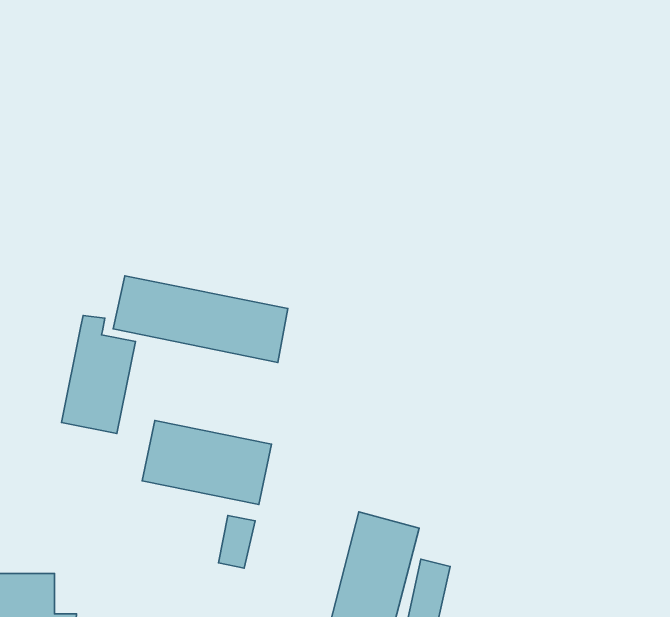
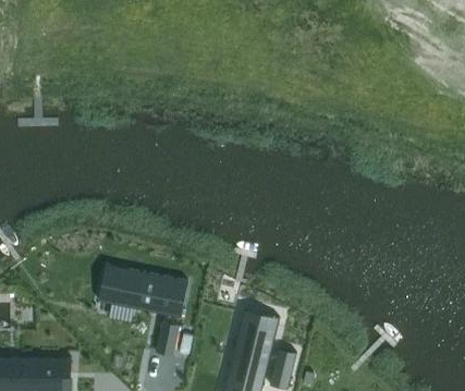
building: [113,276,288,362] -> none
building: [61,315,135,434] -> none

